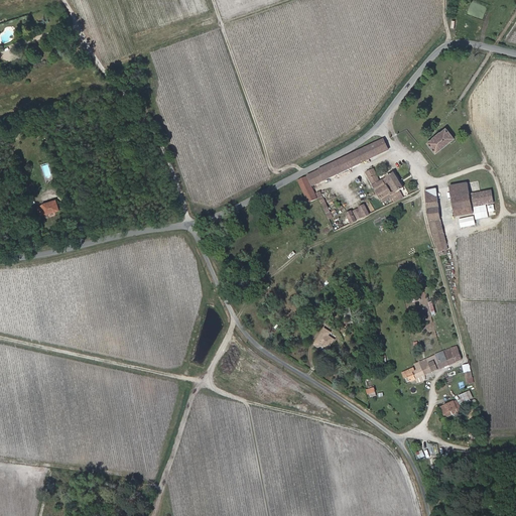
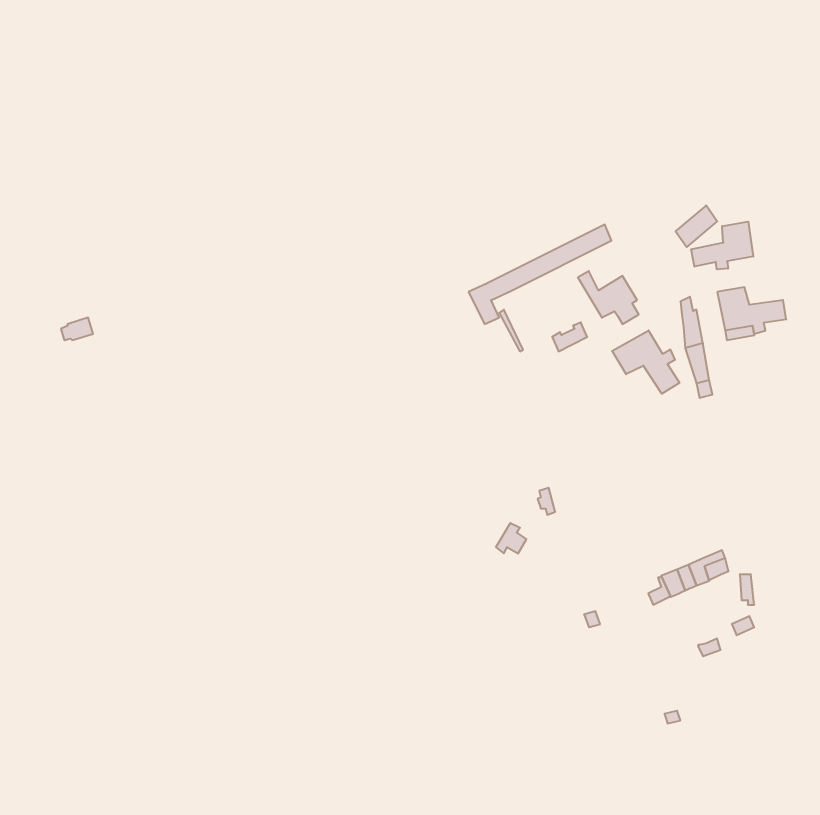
building: none -> [691,222,753,269]
building: none -> [612,330,679,394]

